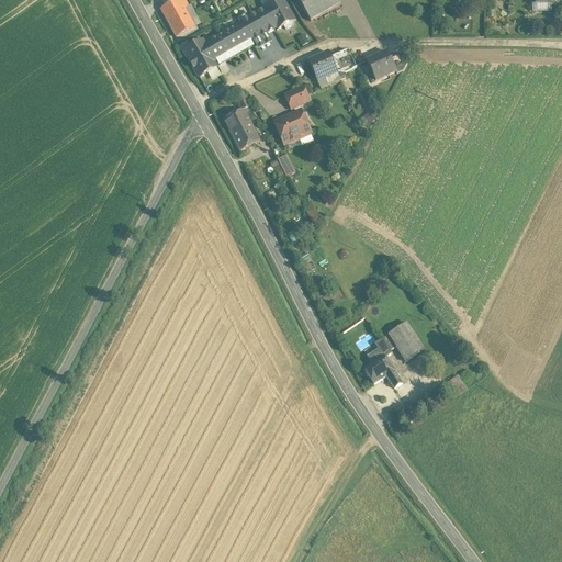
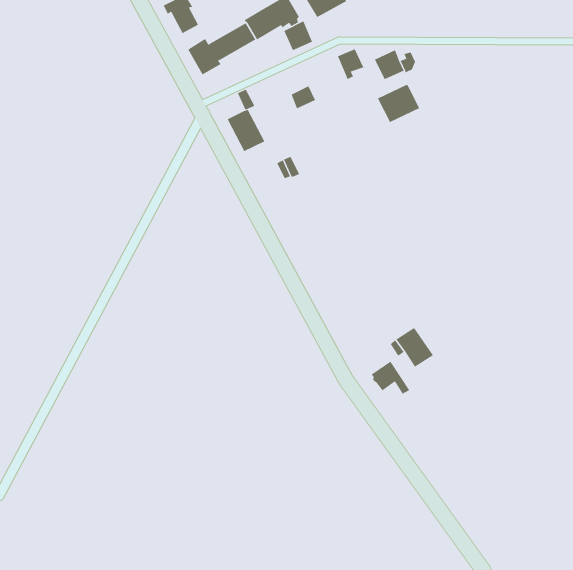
building: [307,49,336,79] -> [284,21,313,51]
building: none -> [377,84,420,123]
building: [273,108,310,142] -> none

